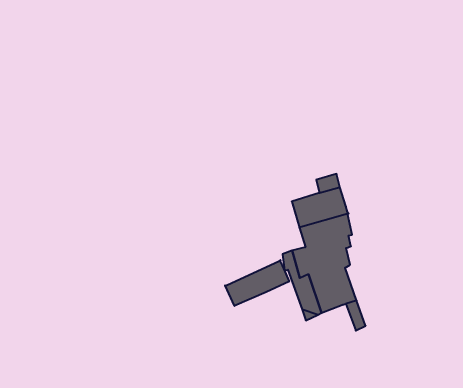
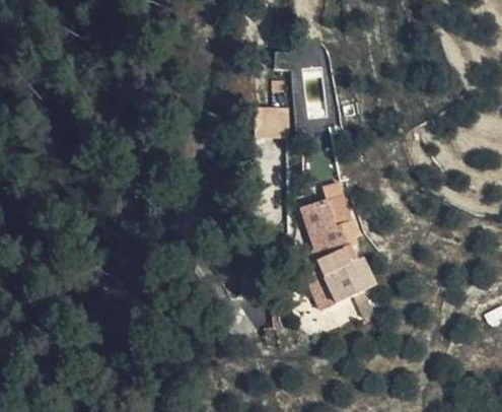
building: none -> [254,109,286,137]
building: [225,260,289,306] -> none

